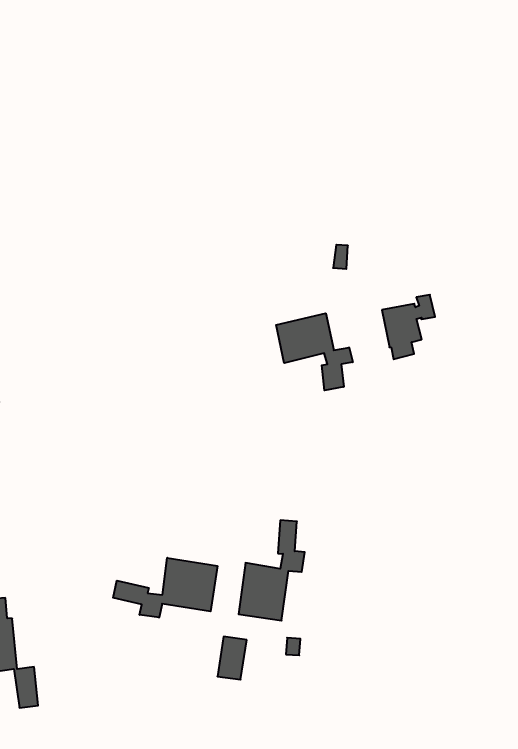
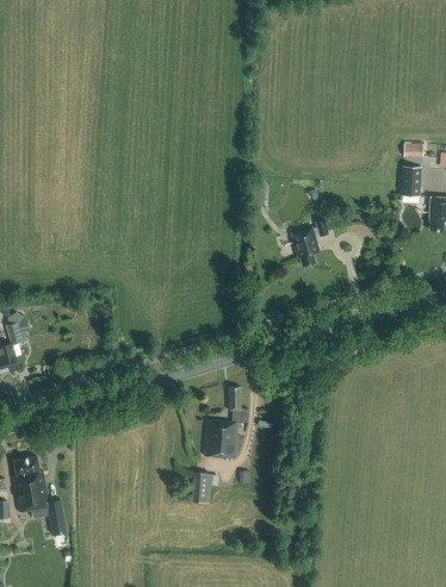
building: [276,313,353,390] -> none
building: [113,558,217,618] -> none

